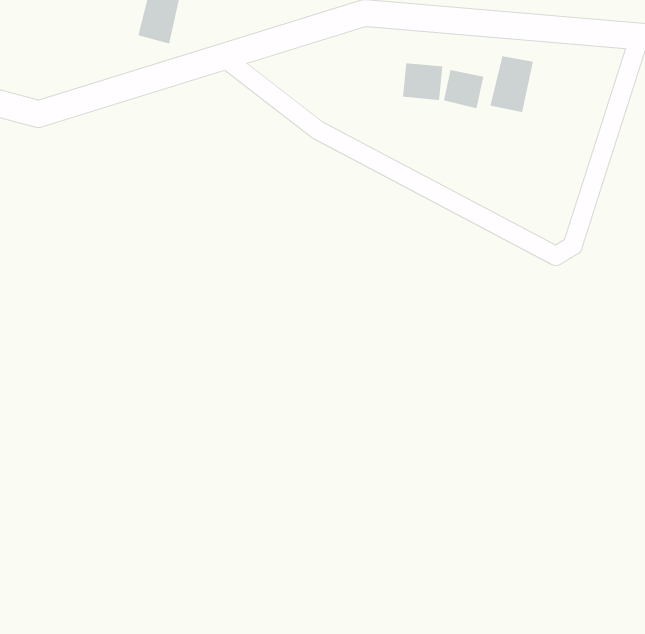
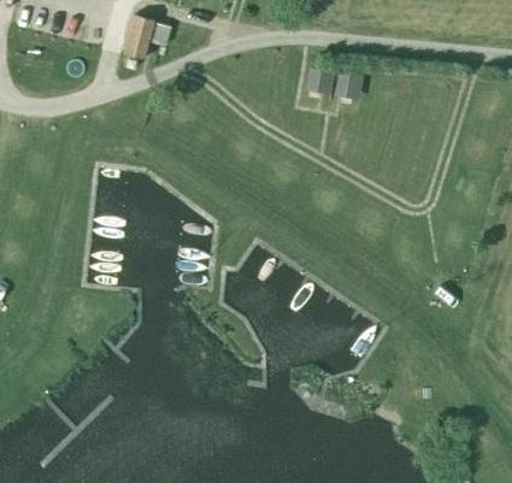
building: [490,55,533,113] -> none

